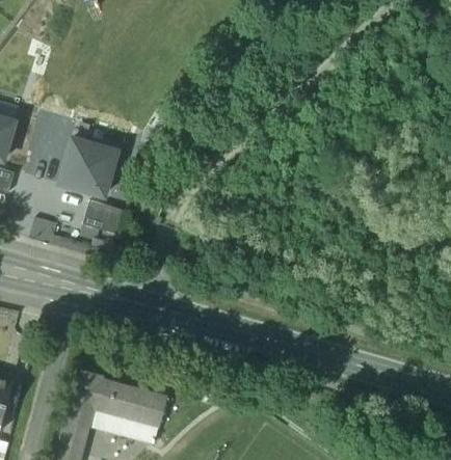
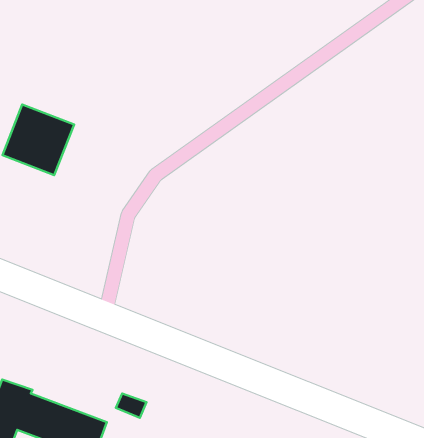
building: [83,202,125,236] -> none

